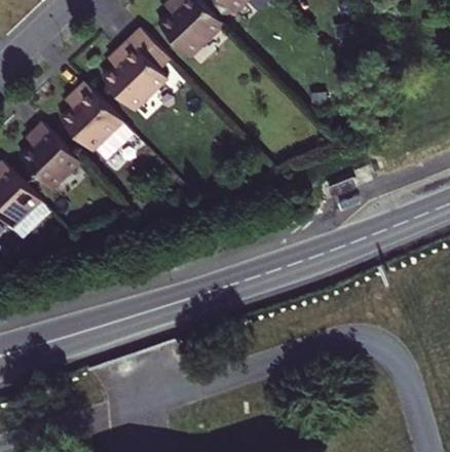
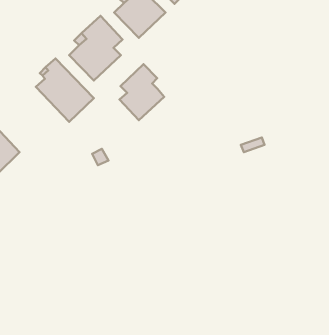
building: none -> [120,64,164,120]
building: [20,126,79,192] -> none

